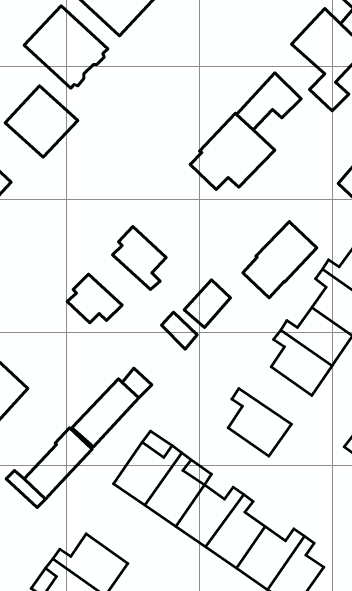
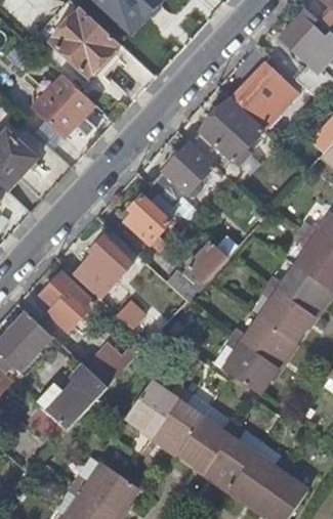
building: [243,222,317,298] -> [151,142,214,208]
building: none -> [41,269,95,332]
building: none -> [234,317,296,366]

